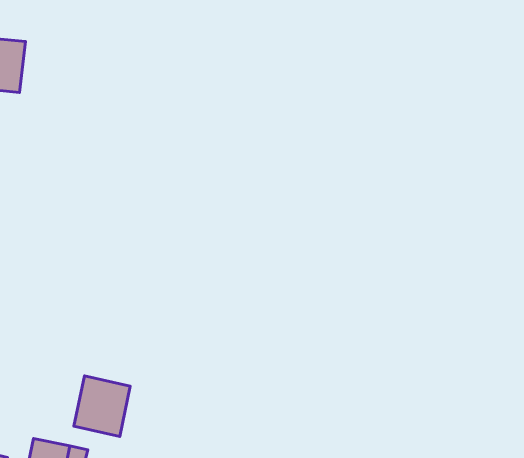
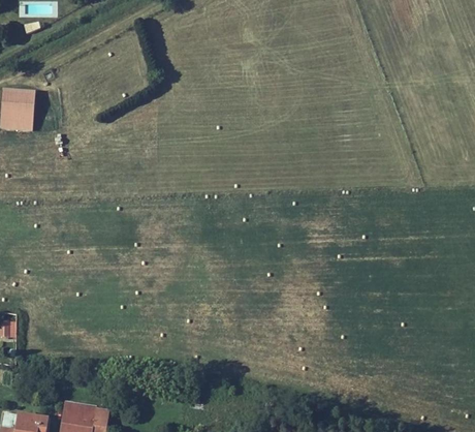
building: [74,376,130,437] -> none

